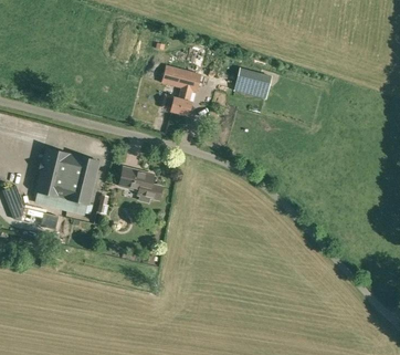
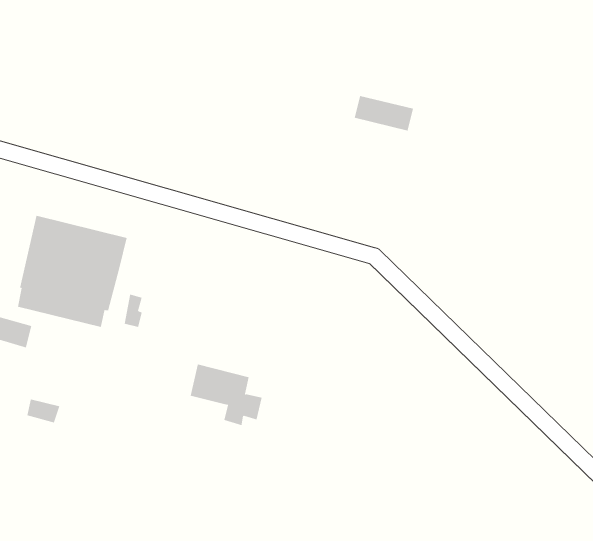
building: [160,64,201,114] -> none
building: [118,166,161,202] -> [190,364,263,426]

